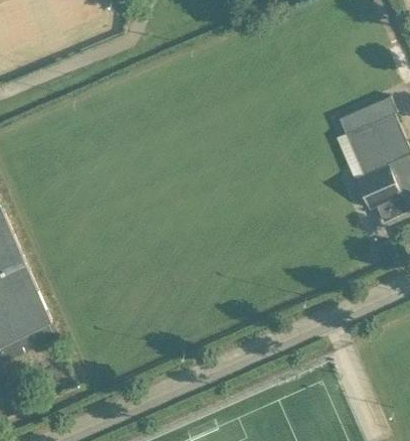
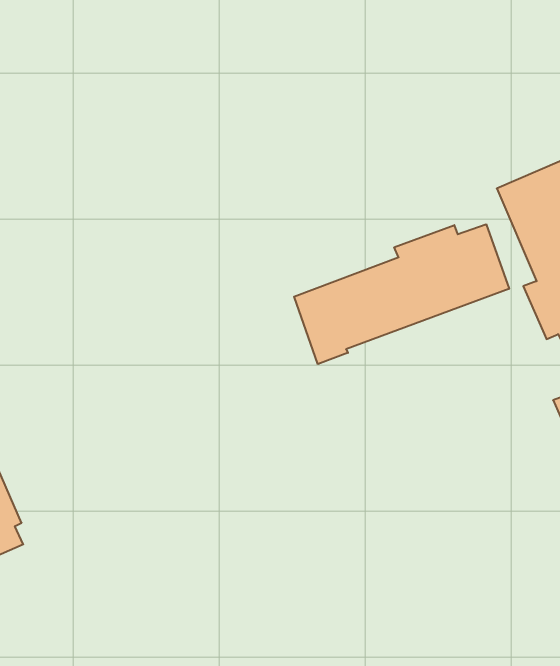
building: none -> [294,224,509,364]

